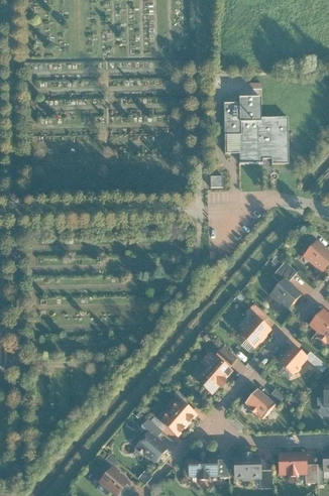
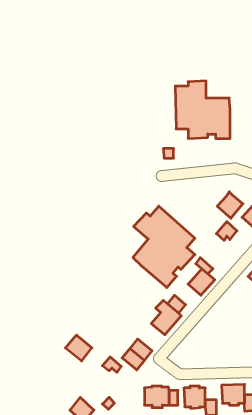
building: none -> [133,206,195,288]
building: [269,278,300,309] -> [217,192,243,218]
building: [279,347,306,375] -> none
building: [244,388,275,417] -> none
building: [135,433,167,464] -> [65,335,92,361]

